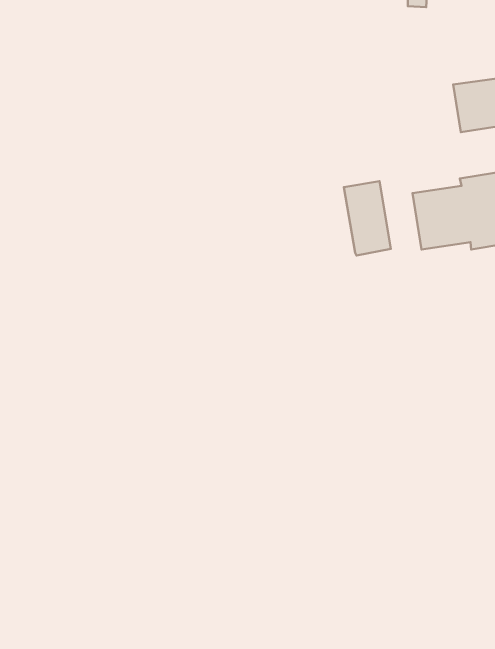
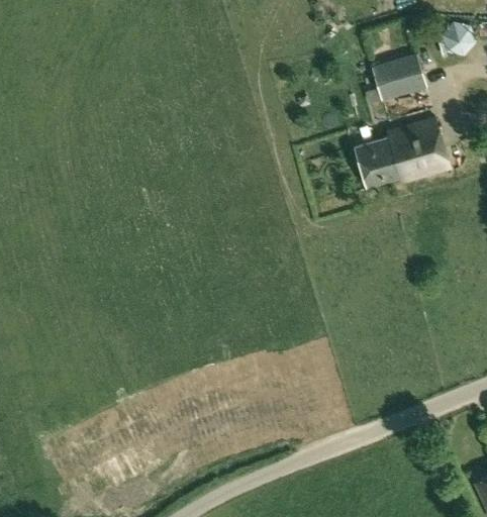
building: [344,181,391,256] -> none

